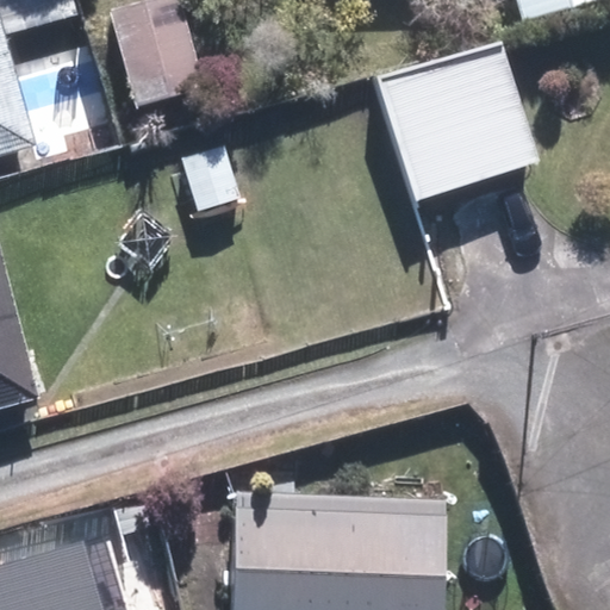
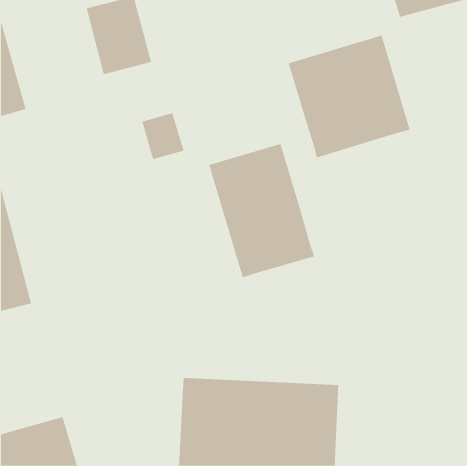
building: none -> [208,143,315,278]

